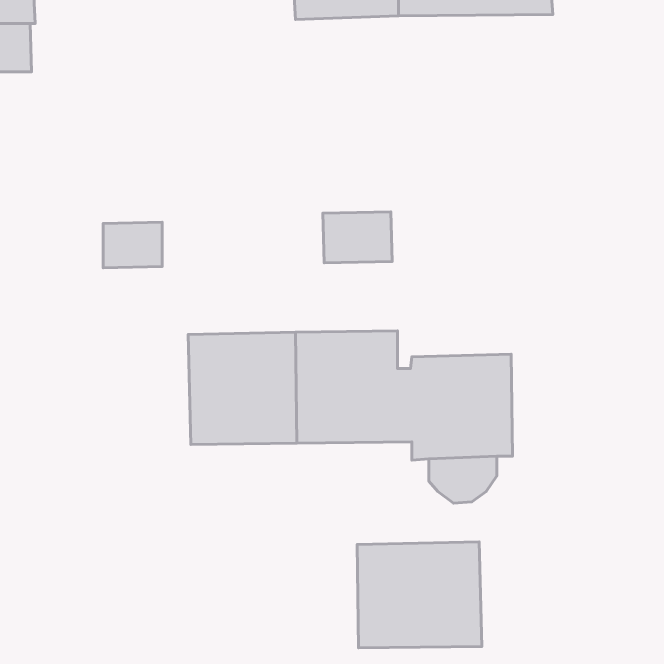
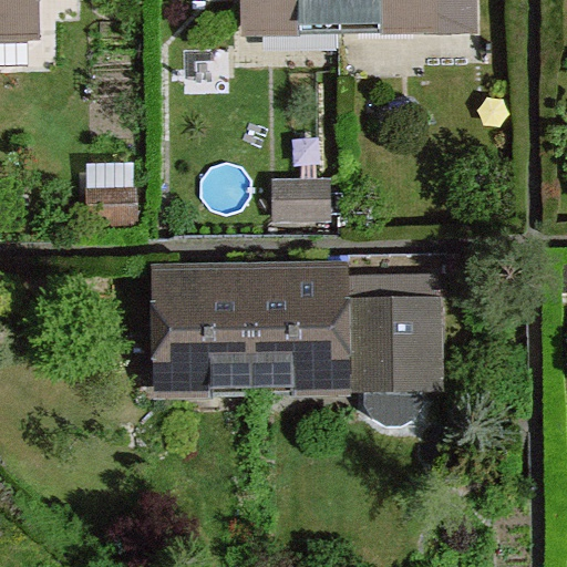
building: [357,542,482,648] -> none

